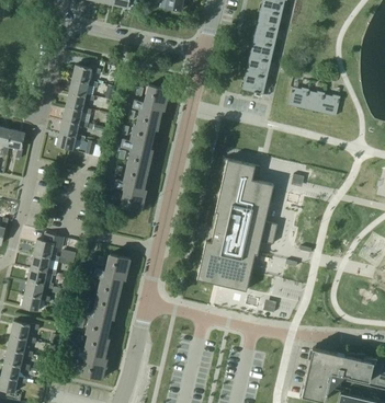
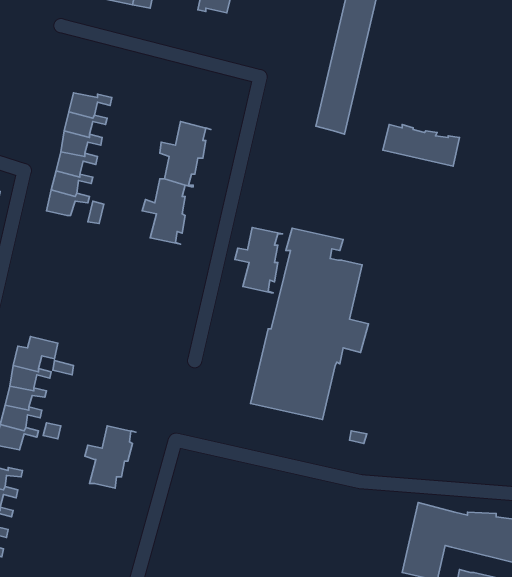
building: [115,165,148,210] -> [235,227,283,293]
building: [94,255,129,299] -> none
building: [76,334,109,379] -> none

